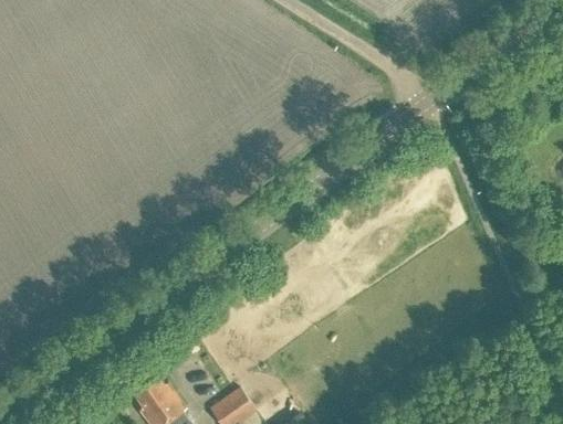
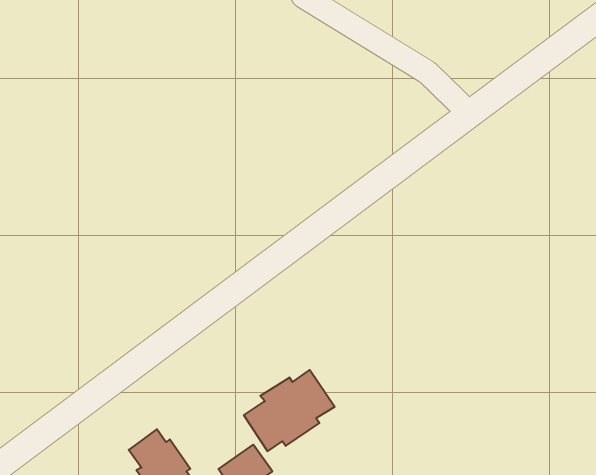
building: none -> [244,370,335,451]

